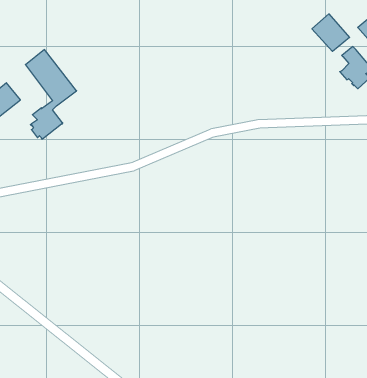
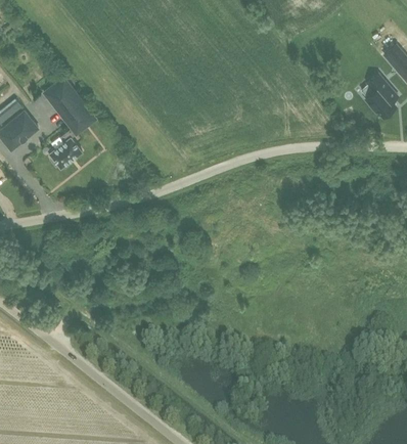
building: [312,14,350,51] -> none

